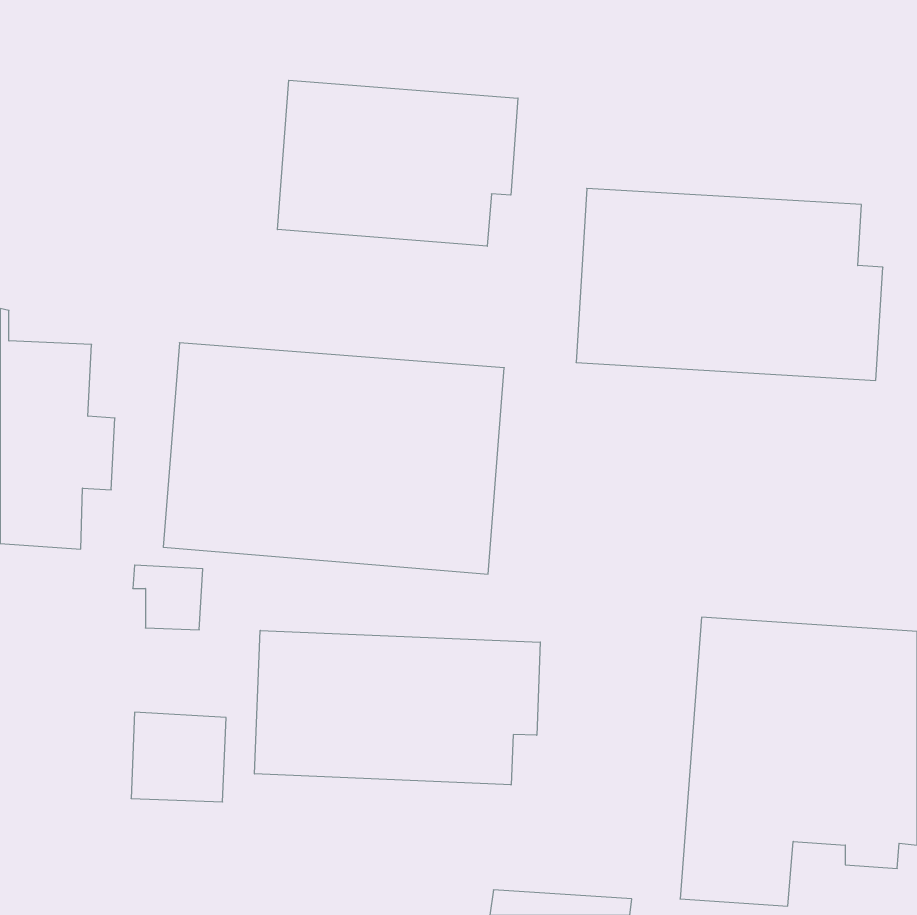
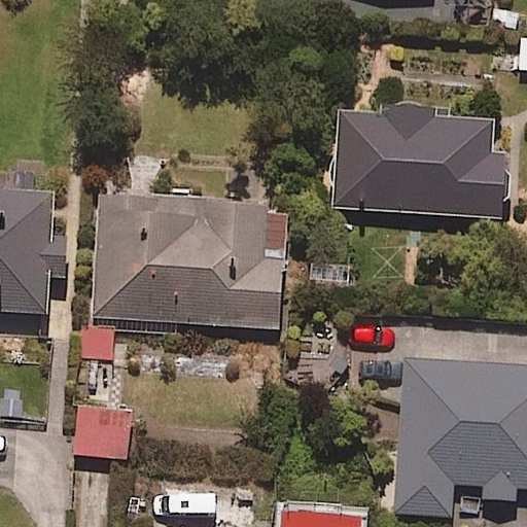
building: [277,80,518,246] -> none
building: [255,630,540,785] -> none

